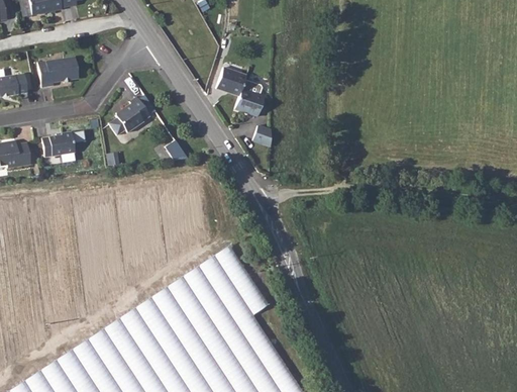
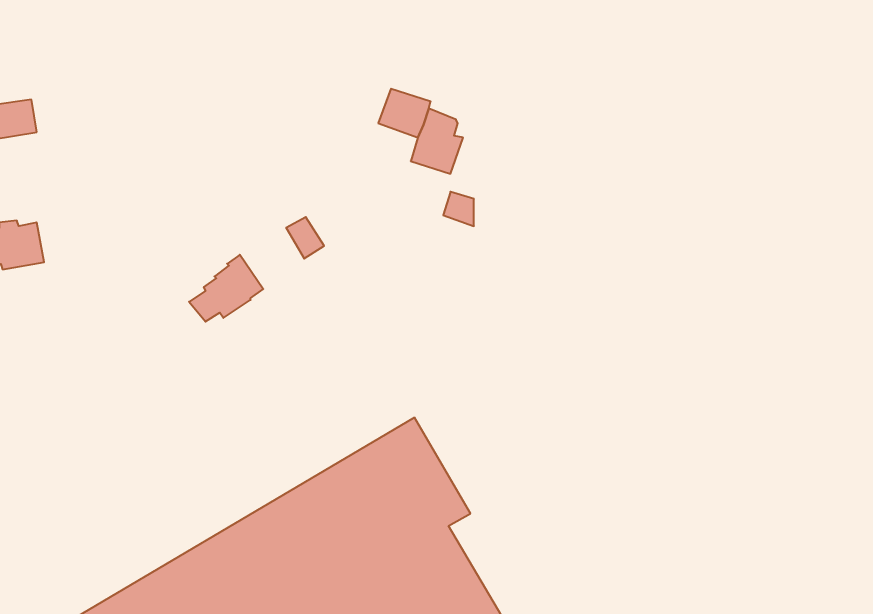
building: [35,57,77,89] -> none
building: [107,97,148,134] -> [189,255,263,322]
building: [39,132,73,158] -> none

